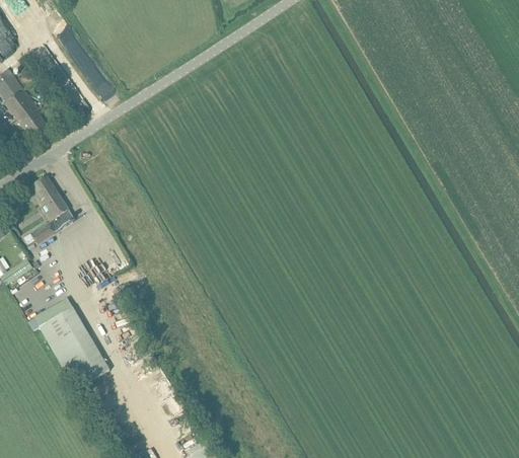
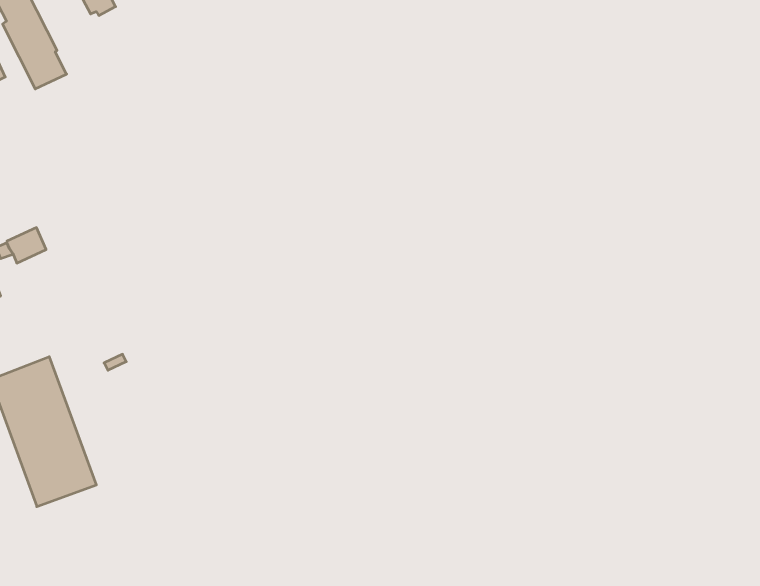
building: [31,174,68,220] -> none

